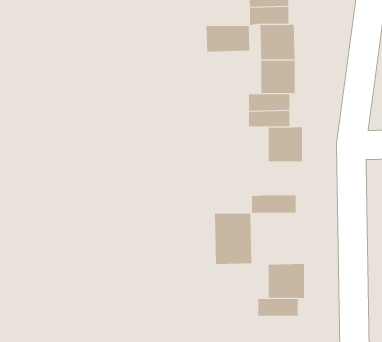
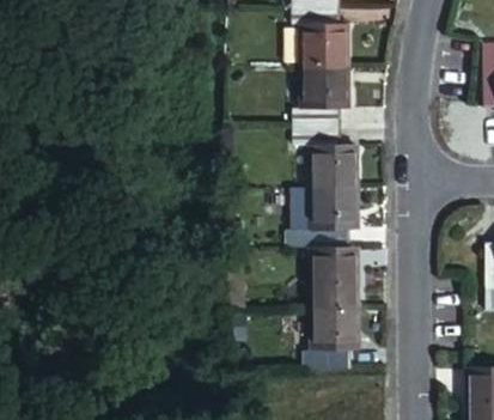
building: [206,25,250,52] -> none
building: none -> [315,189,355,227]
building: [214,213,252,265] -> [313,249,358,309]

